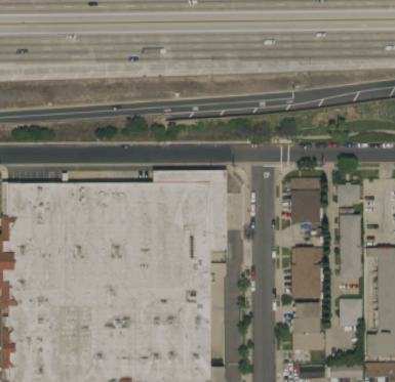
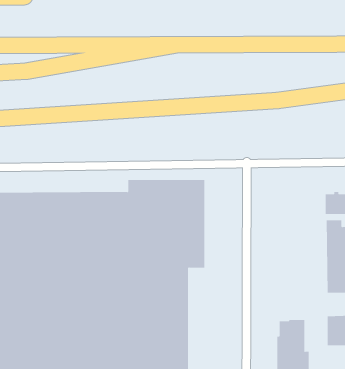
building: [291,178,323,223] -> none
building: [292,248,324,297] -> none

